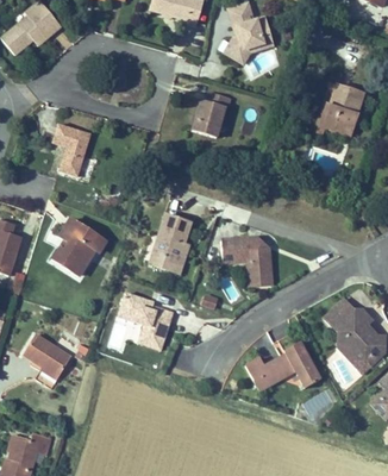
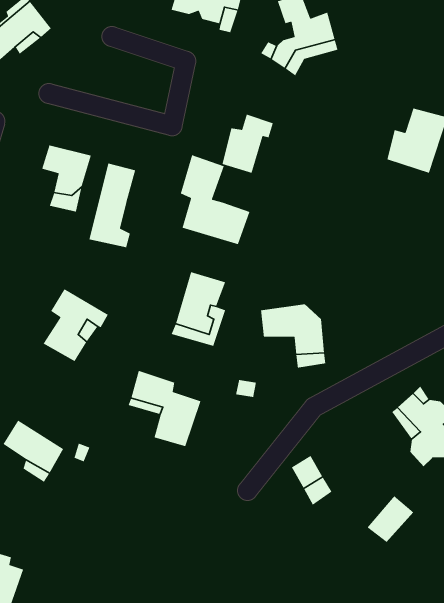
building: none -> [180,154,250,245]
building: none -> [88,163,136,248]
building: [277,342,320,389] -> none

